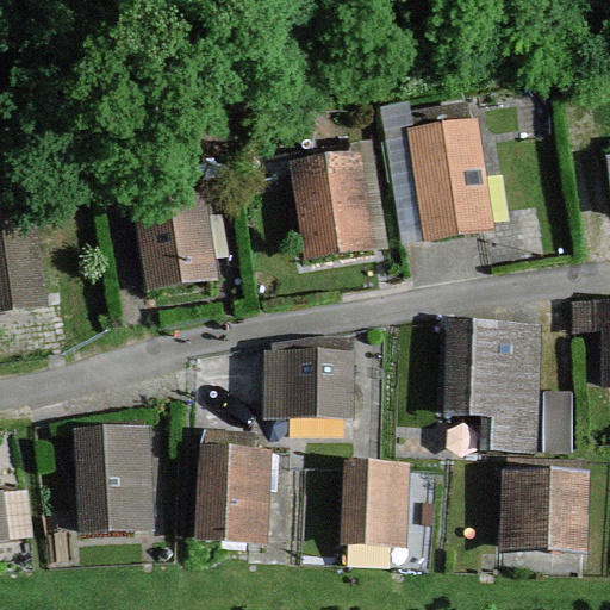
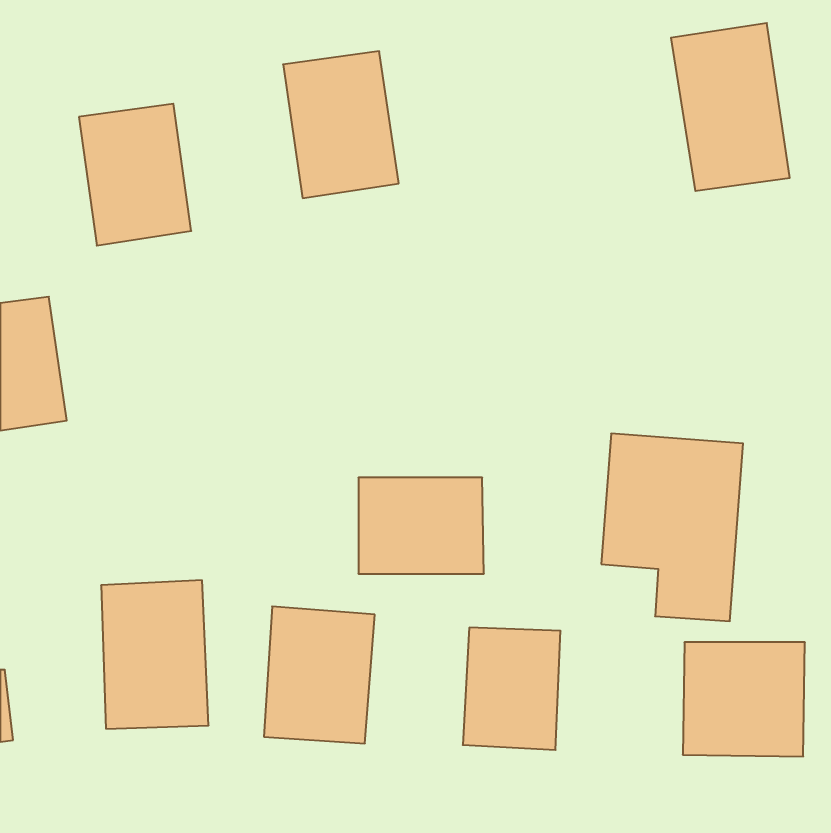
building: [407,117,494,239] -> [671,23,790,191]
building: [291,152,375,260] -> [283,51,399,198]
building: [136,187,218,291] -> [79,104,191,246]

